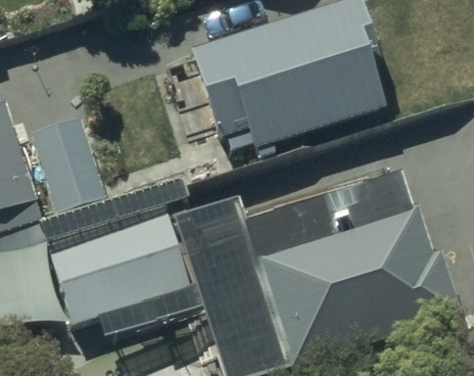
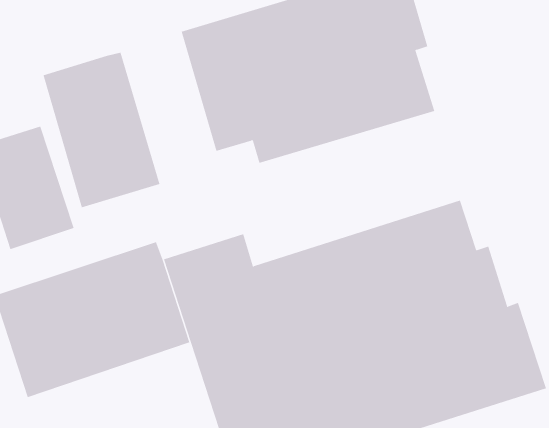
building: none -> [43,52,160,208]

